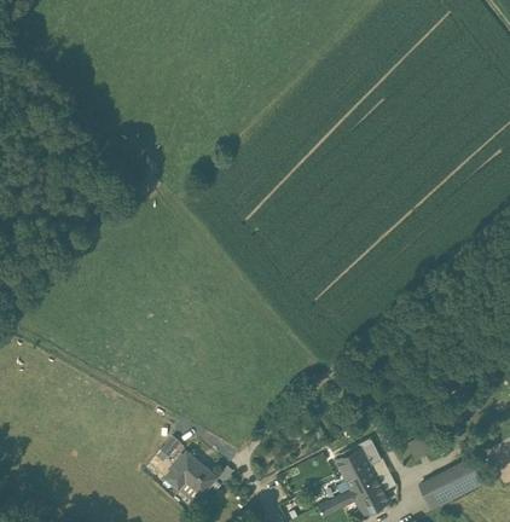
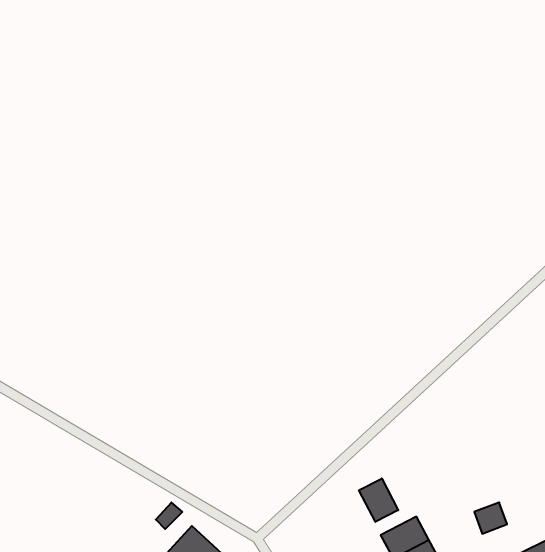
building: none -> [359,478,398,522]

